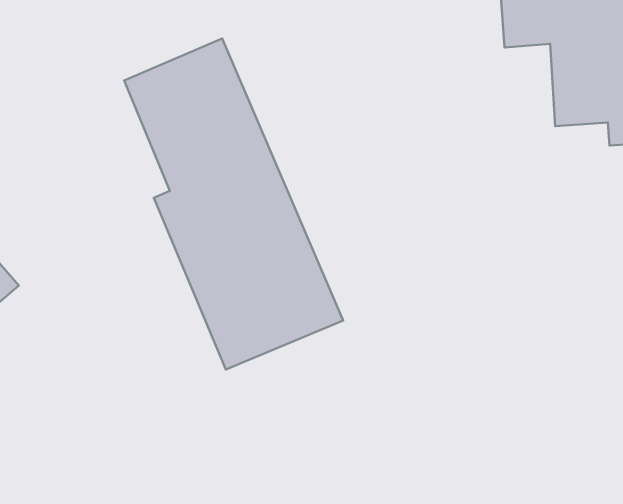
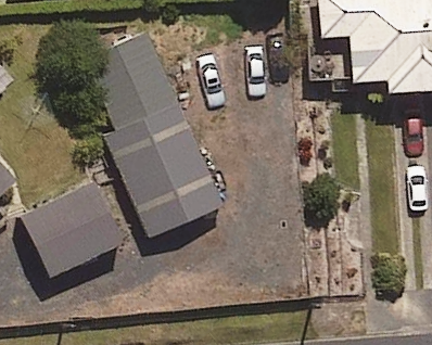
building: none -> [21,182,123,278]

